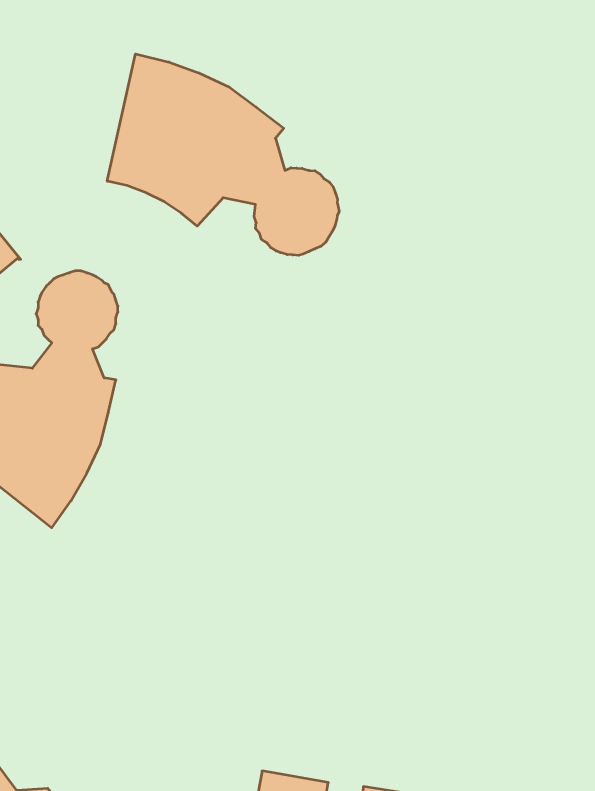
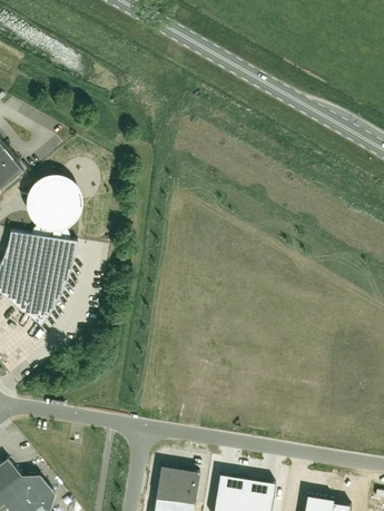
building: [107,54,339,255] -> none

